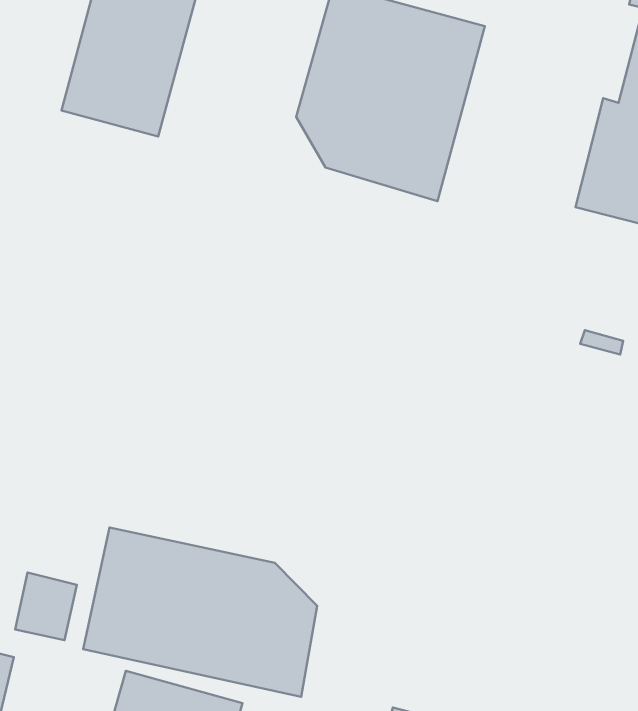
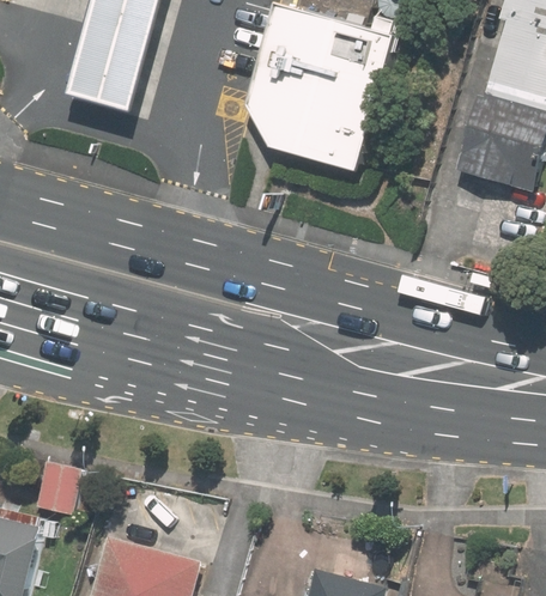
building: [83,527,317,697] -> none

